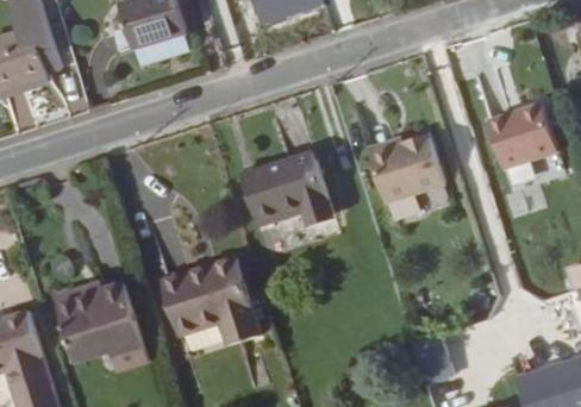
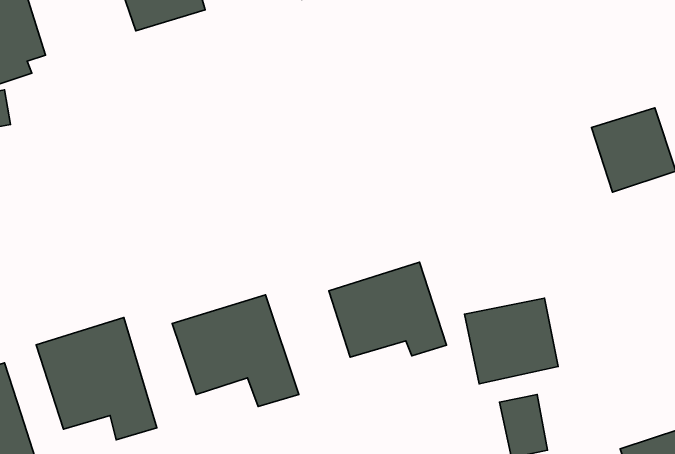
building: [369,133,444,202] -> none
building: [240,151,333,226] -> [329,262,447,357]
building: none -> [465,298,558,384]

